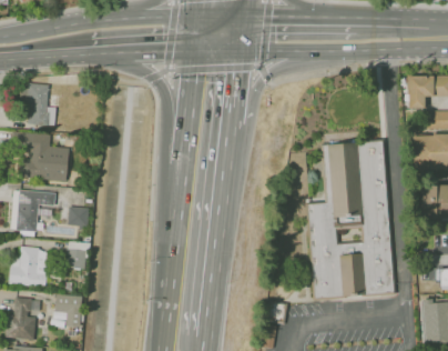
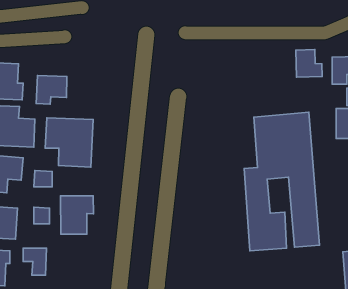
building: none -> [296,49,322,77]
building: none -> [36,75,67,104]
building: none -> [45,118,93,167]
building: none -> [60,196,94,234]

